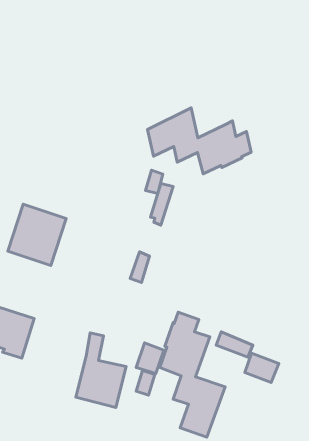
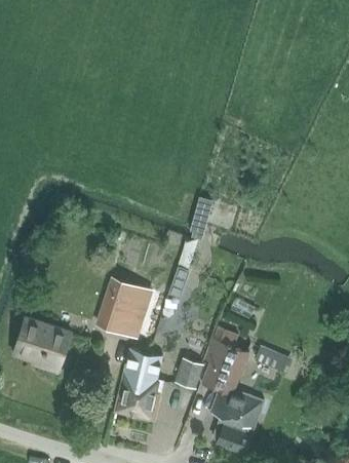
building: [147,108,251,174] -> none
building: [8,204,66,266] -> [94,276,153,338]
building: [245,353,279,383] -> none

